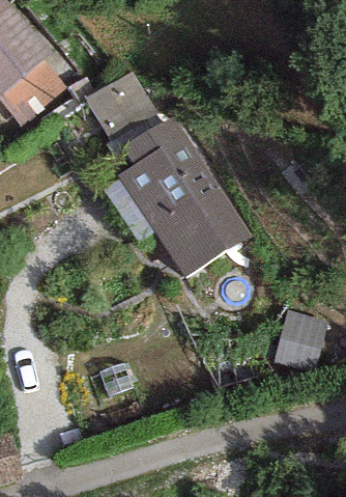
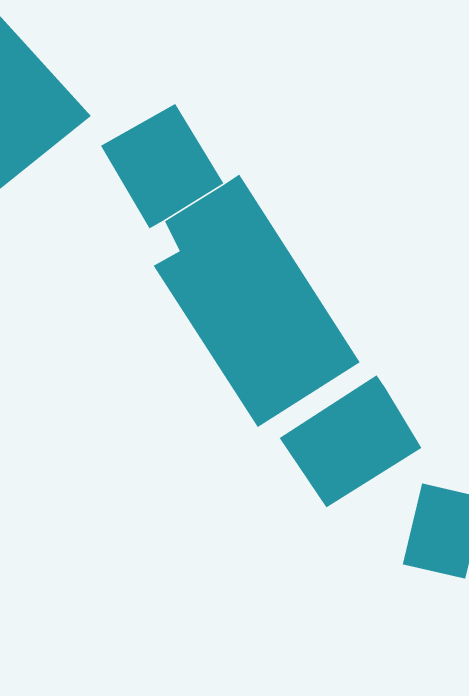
building: none -> [278,374,423,509]

